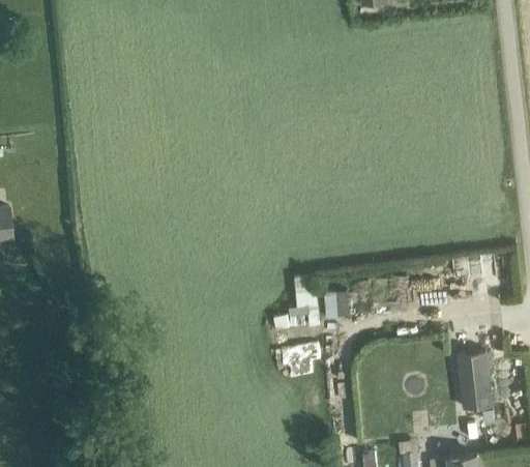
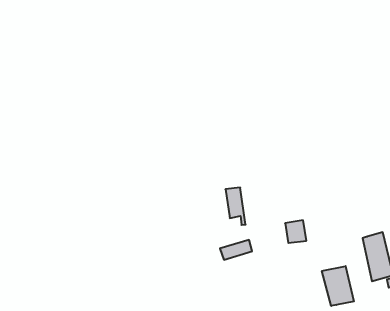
building: [326,290,350,316] -> [285,220,306,243]
building: none -> [322,266,354,306]

